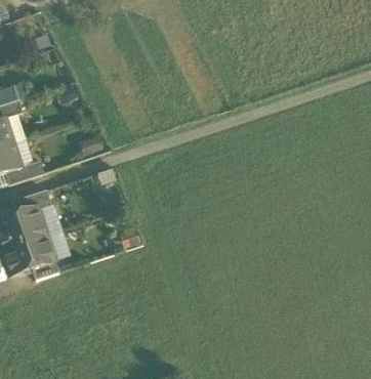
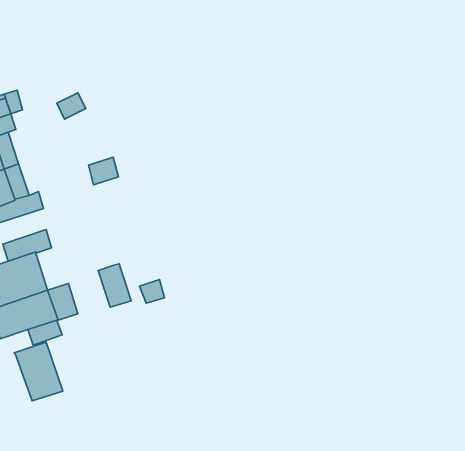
building: [35,203,60,237] -> [98,264,131,307]
building: none -> [14,342,63,401]

